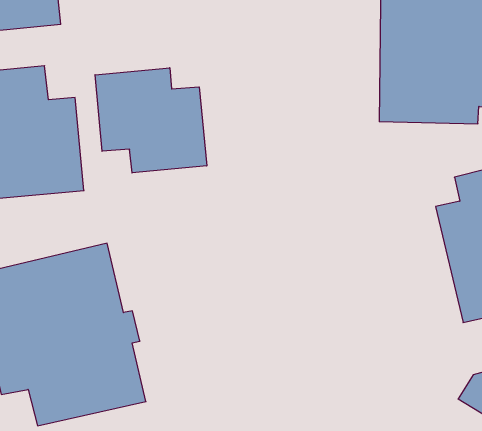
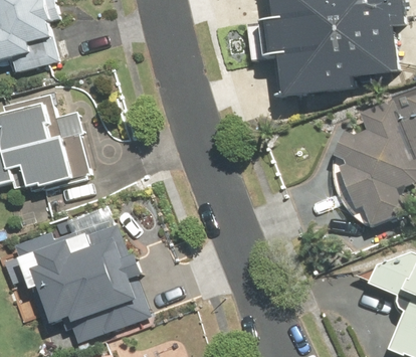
building: [95,68,207,173] -> none

